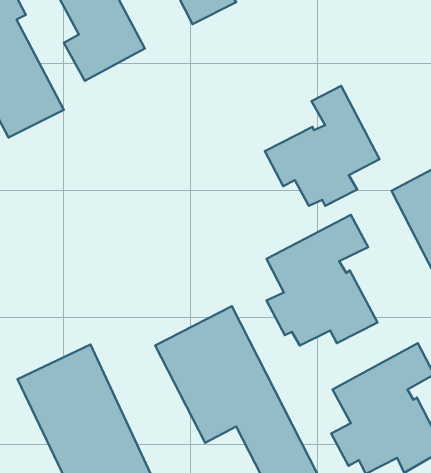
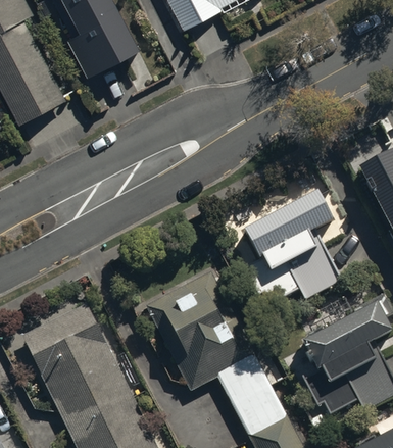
building: [265,86,379,206] -> none

